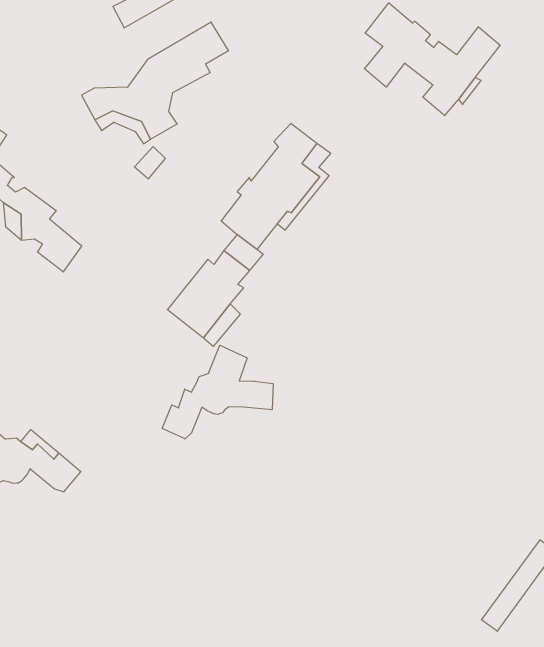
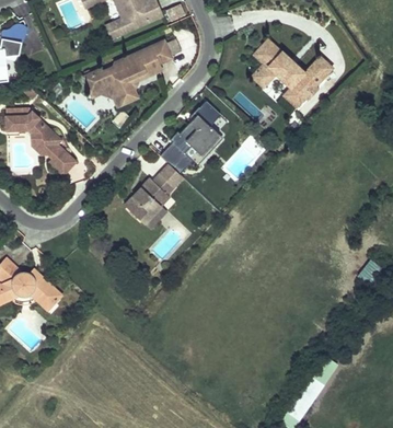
building: [162,345,273,439] -> none

